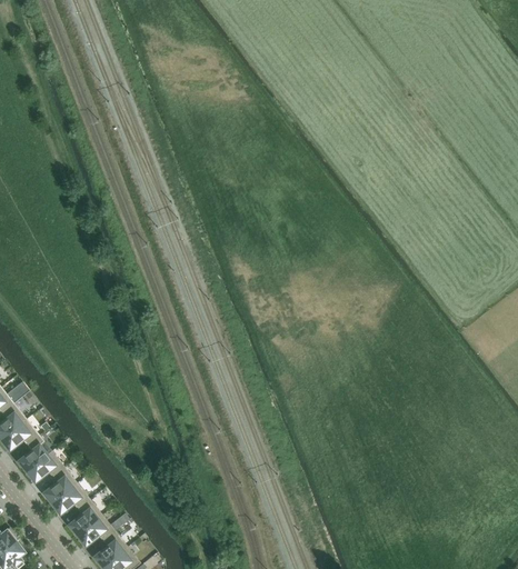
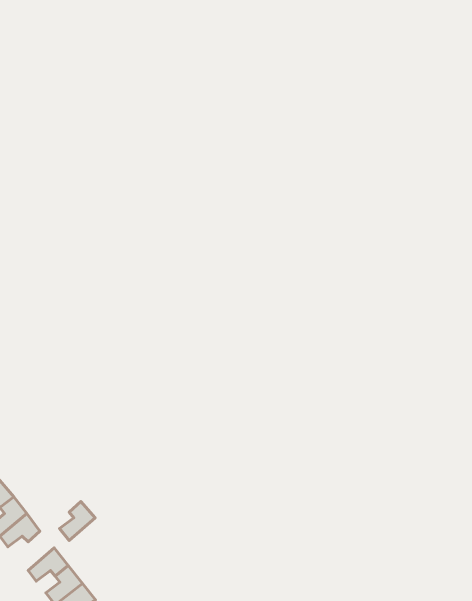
building: [68,499,101,536] -> [60,501,95,540]

